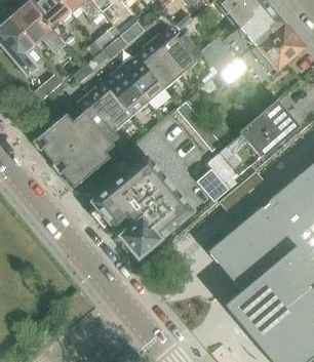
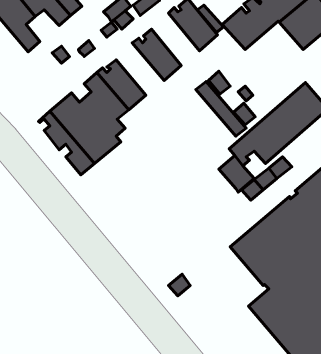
building: [138,41,181,88] -> none
building: [106,68,149,115] -> none
building: [91,155,193,256] -> none

